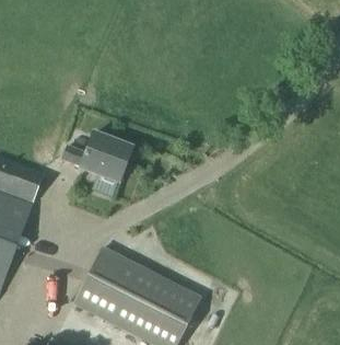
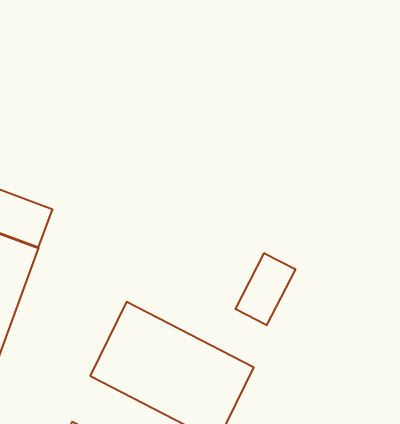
building: [61,134,132,183] -> none
building: none -> [235,253,295,325]

